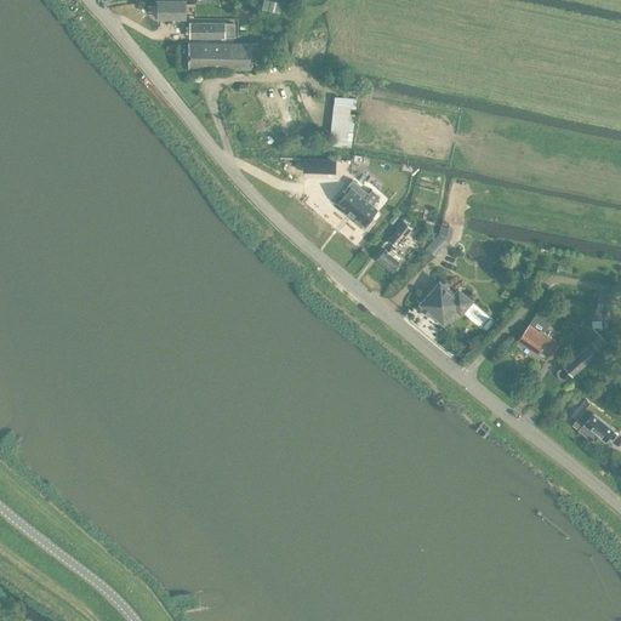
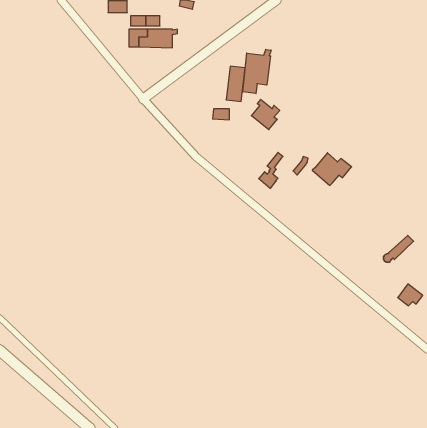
building: none -> [243,49,271,94]
building: [336,178,377,222] -> [251,99,280,130]
building: [416,278,473,325] -> [312,153,352,185]
building: [518,312,557,354] -> none

